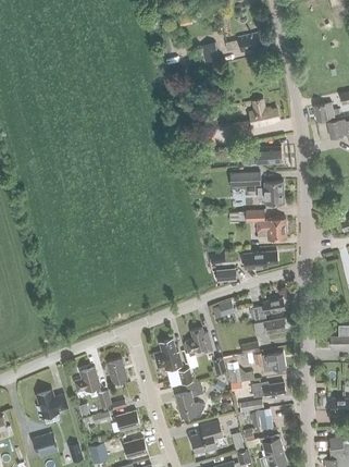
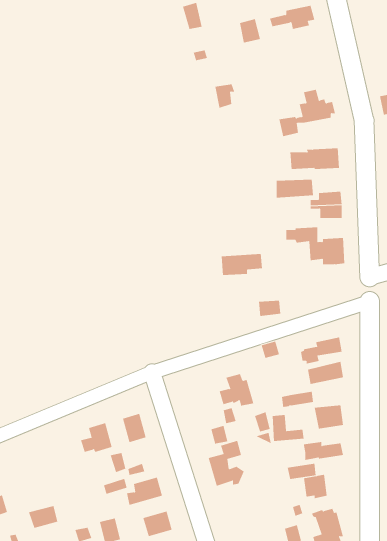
building: [244,250,277,268] -> [221,254,263,275]
building: [154,339,183,370] -> none
building: [35,389,68,418] -> none
building: [191,419,222,451] -> none

